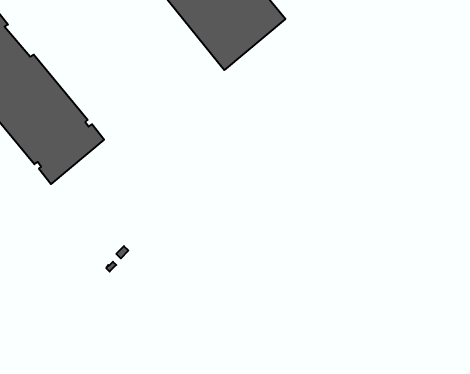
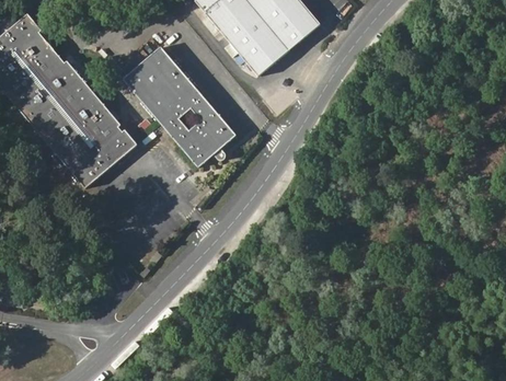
building: none -> [124,46,235,166]

